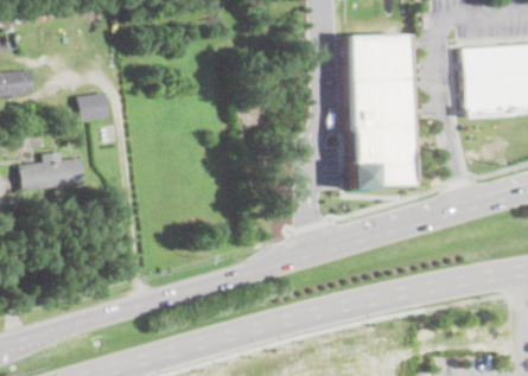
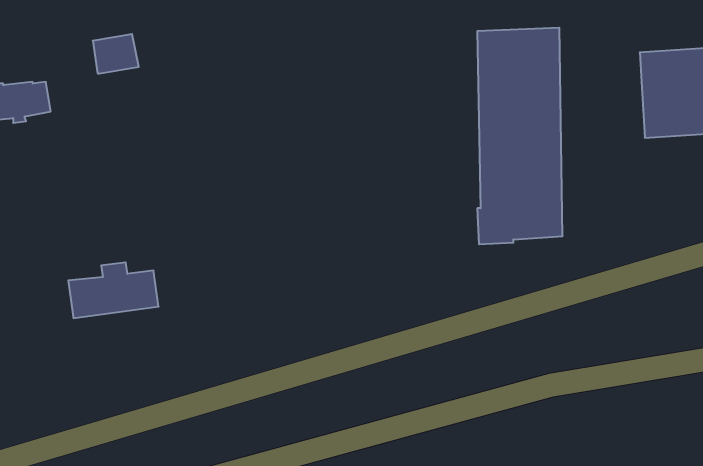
building: [82,94,115,122] -> [93,34,139,73]
building: [24,153,89,193] -> [68,262,159,318]

